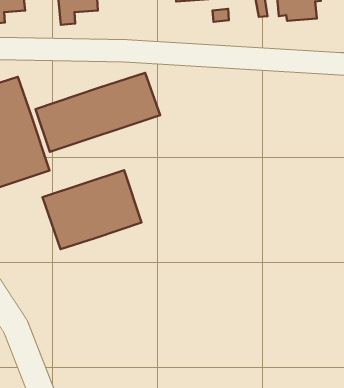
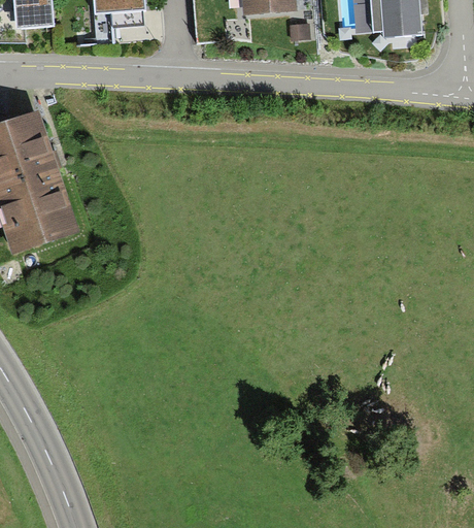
building: [35,73,160,152] -> none
building: [43,170,141,249] -> none

